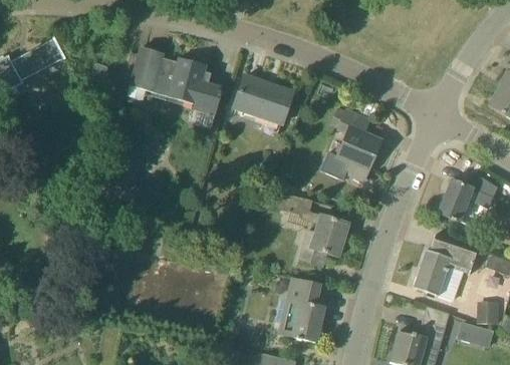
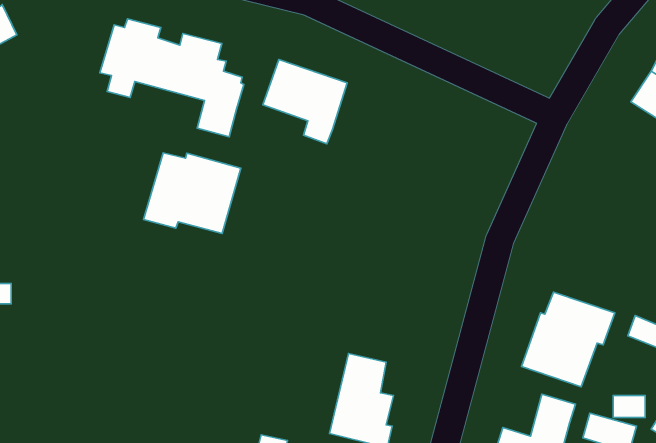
building: [327,110,380,180] -> none
building: none -> [143,153,241,234]
building: [438,172,497,222] -> none
building: [277,192,348,266] -> none

